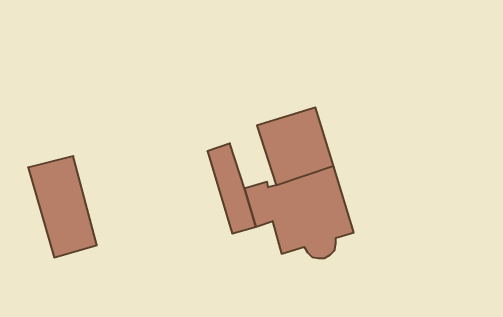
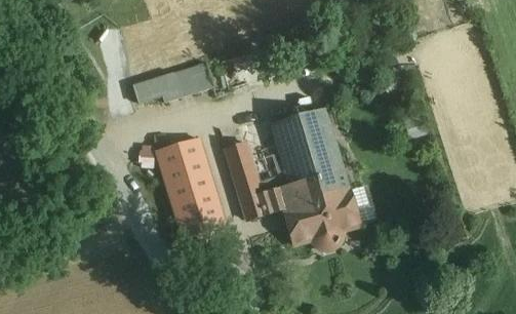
building: none -> [128,57,214,104]
building: [28,156,97,257] -> [158,140,221,232]

